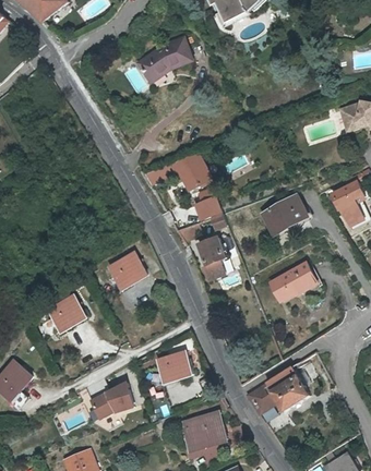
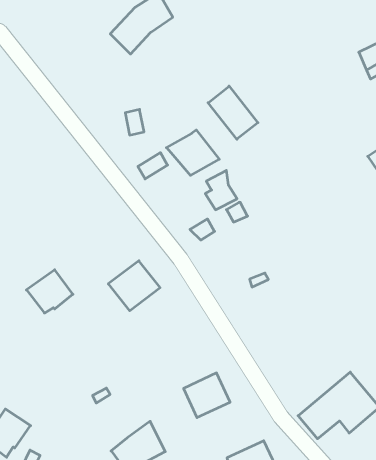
building: none -> [208,86,258,139]
building: [260,192,306,232] -> none
building: [199,237,225,279] -> none
building: [271,264,314,300] -> none
building: [49,297,86,330] -> [26,270,73,313]

